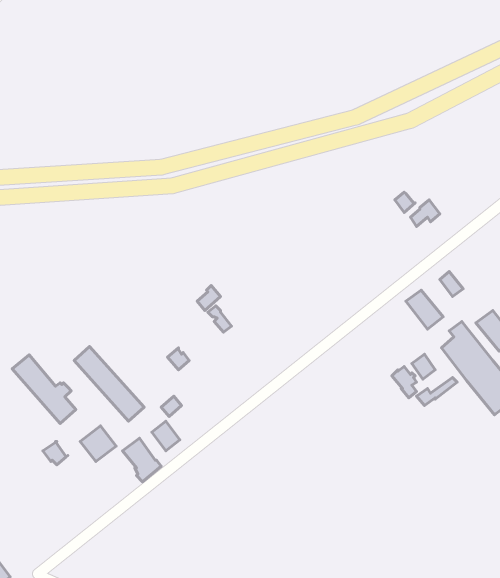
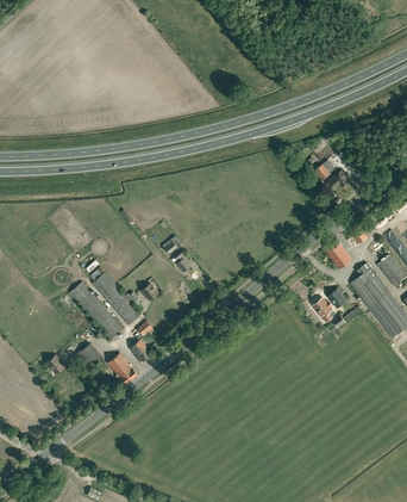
building: [12,355,76,423] -> [92,272,140,324]

